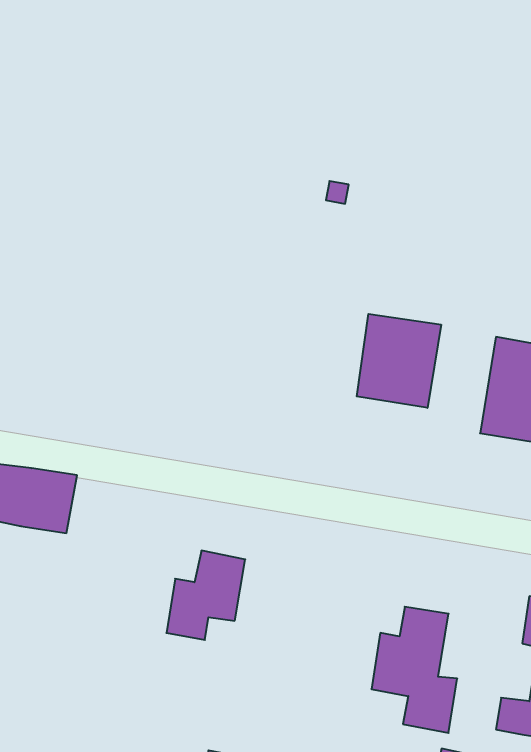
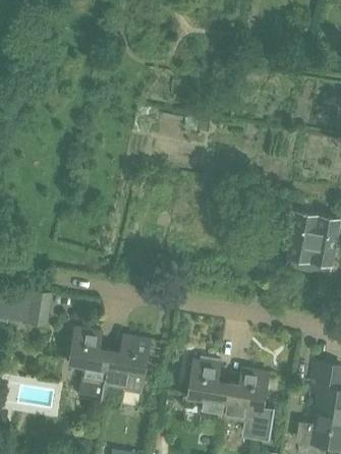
building: [357,314,441,408] -> none
building: none -> [70,328,109,400]
building: none -> [188,360,228,416]

